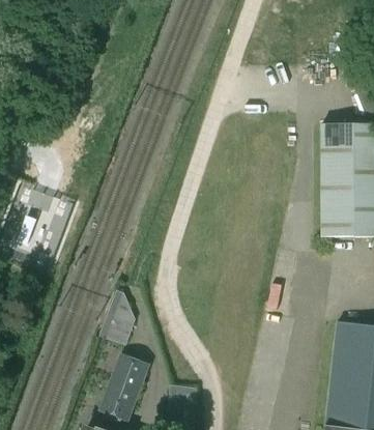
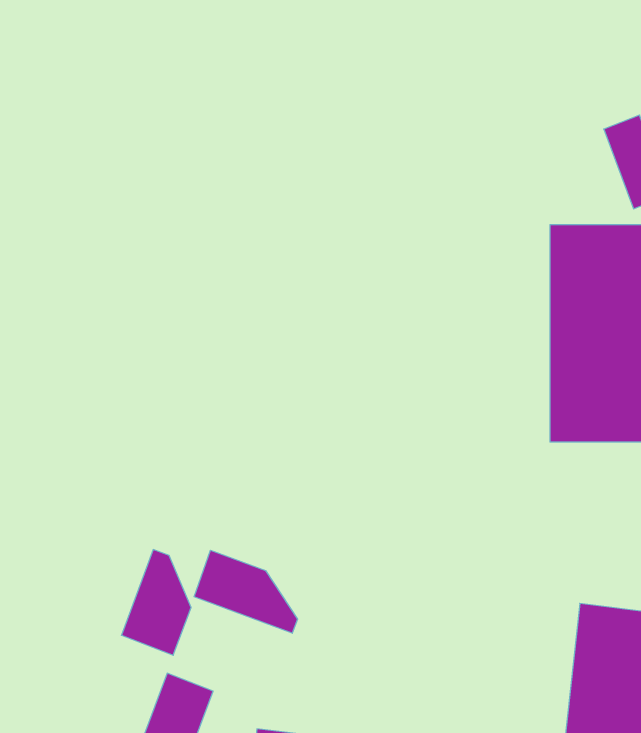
building: none -> [194,550,297,633]

